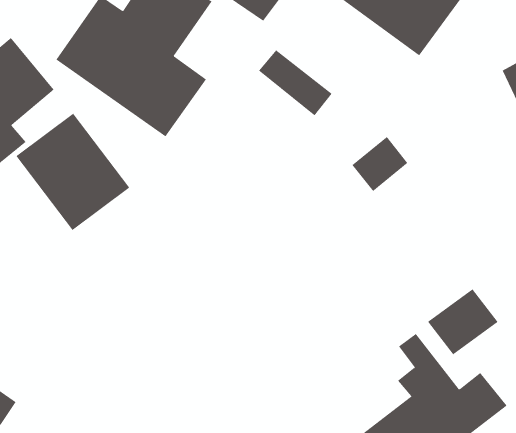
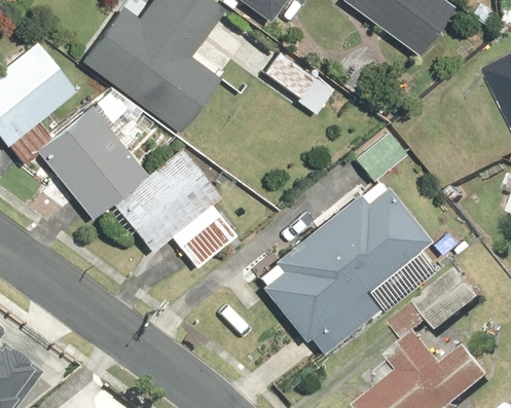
building: none -> [115,150,234,267]
building: none -> [261,186,425,356]

